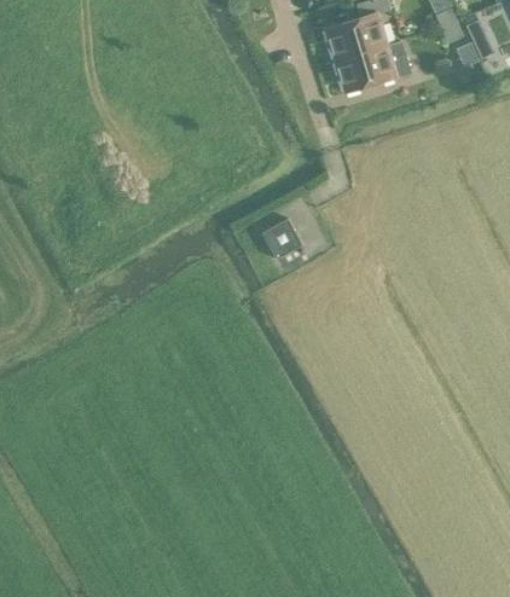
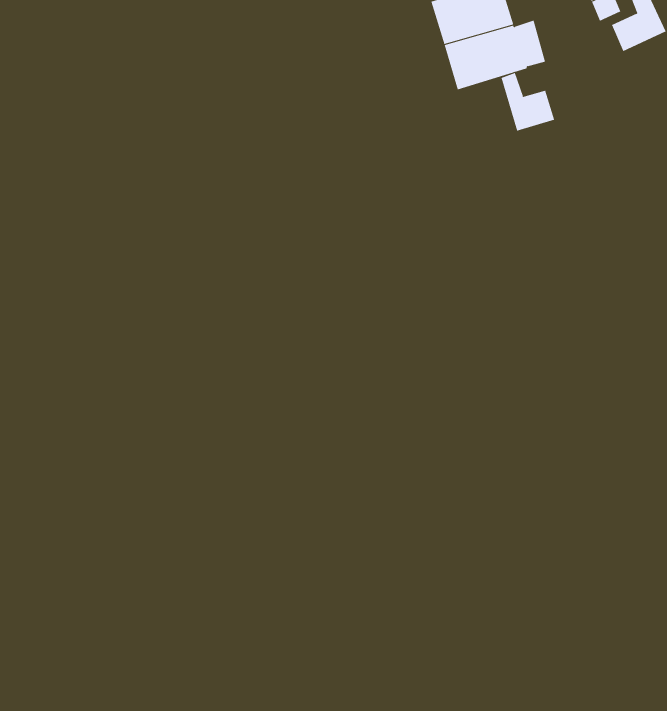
building: none -> [501,72,555,132]
building: [261,219,301,260] -> none

